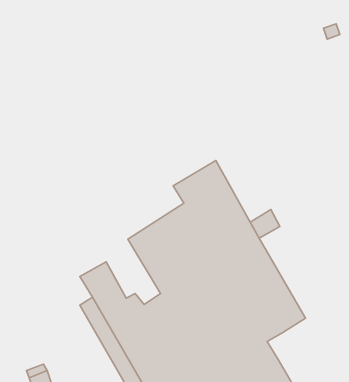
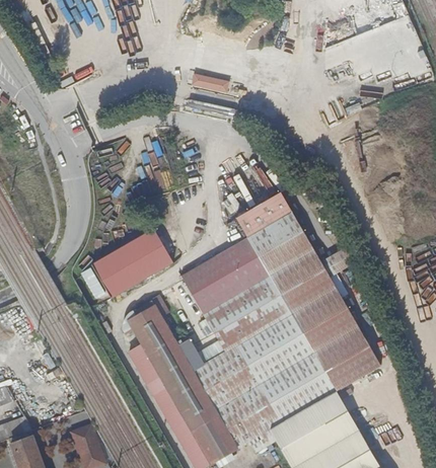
building: none -> [88,229,170,298]

